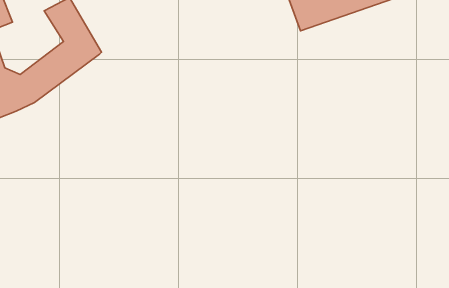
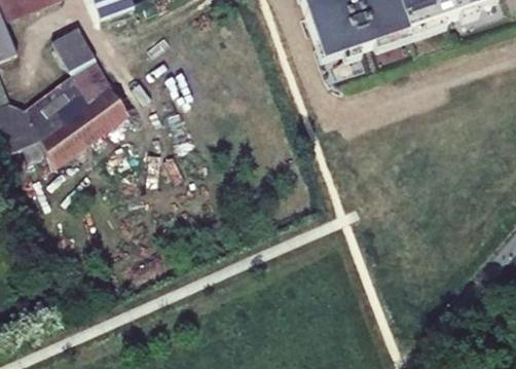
building: none -> [21,85,130,167]

